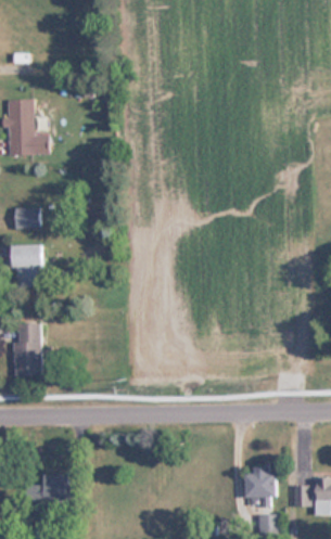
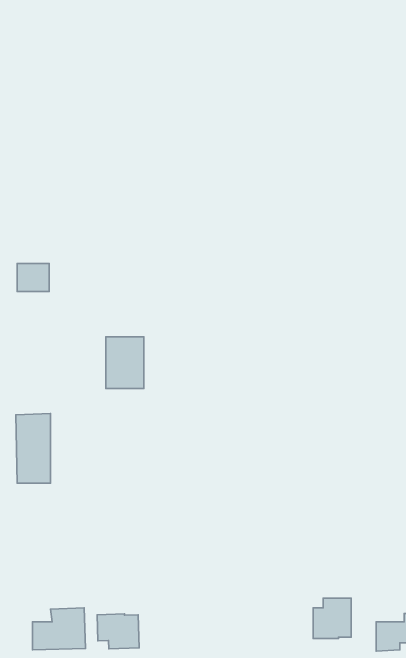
building: [7,99,48,155] -> none
building: [13,244,42,284] -> [106,337,144,388]
building: none -> [97,614,139,649]

